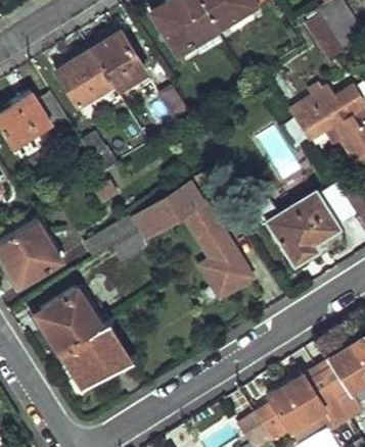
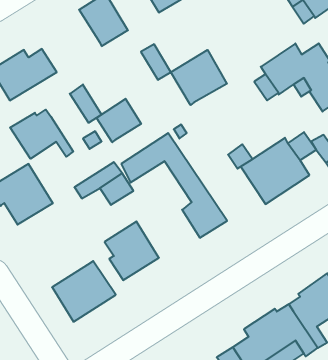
building: [57,49,113,105] -> none
building: none -> [171,50,227,105]
building: none -> [97,99,141,142]
building: none -> [10,110,73,159]
building: [41,288,100,352] -> [105,221,159,280]

